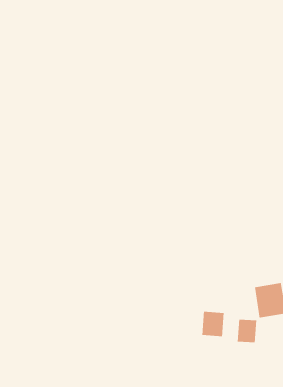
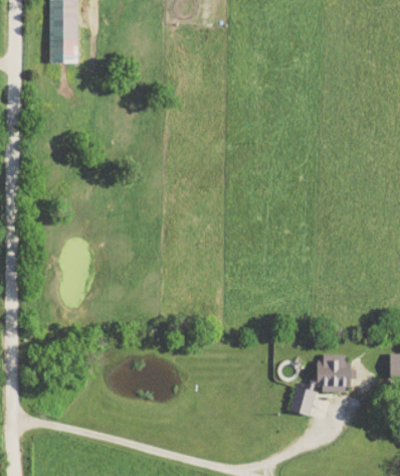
building: [202,311,224,337] -> none

